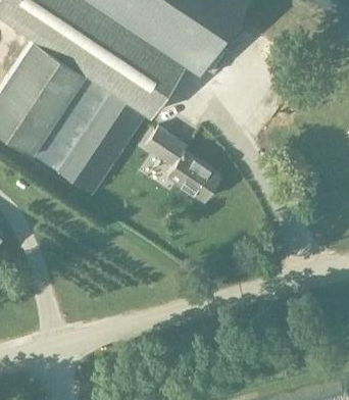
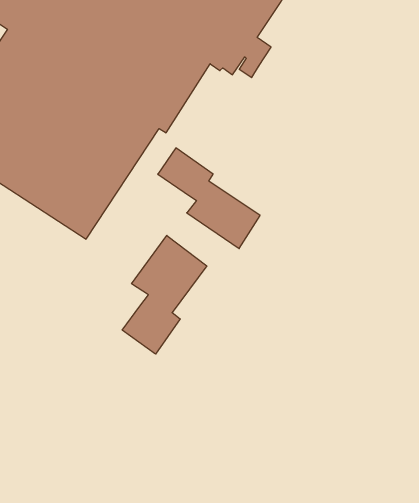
building: none -> [122,235,207,354]

